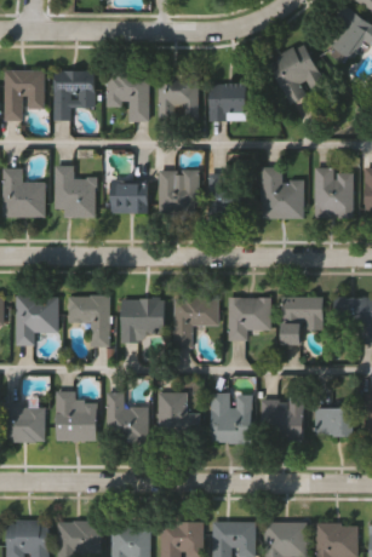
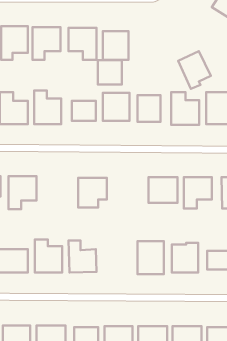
building: [273,44,322,101] -> [178,51,211,89]
building: [211,84,247,120] -> [98,60,122,84]
building: [69,294,109,345] -> none
building: [174,297,219,346] -> none
building: [158,392,199,438] -> none

